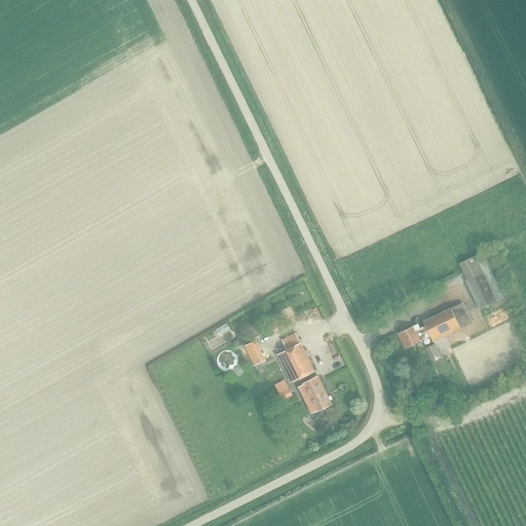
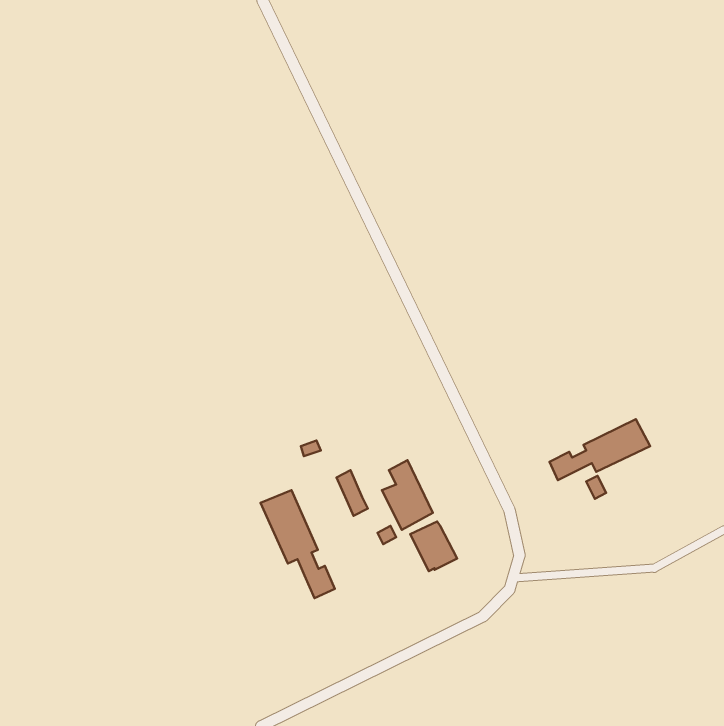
building: [458,252,502,309] -> none
building: none -> [260,490,335,598]

